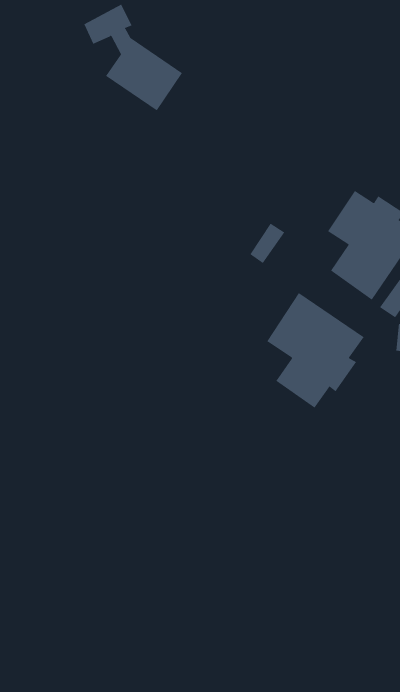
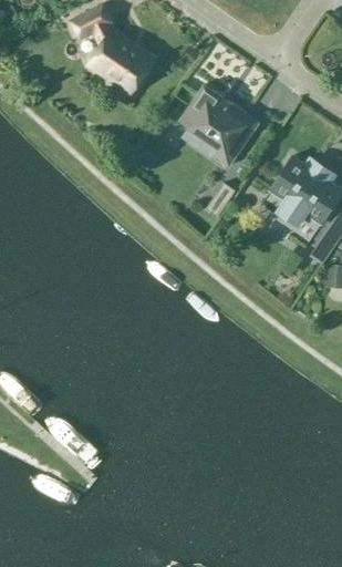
building: none -> [178,84,258,165]
building: [266,292,364,408] -> none

